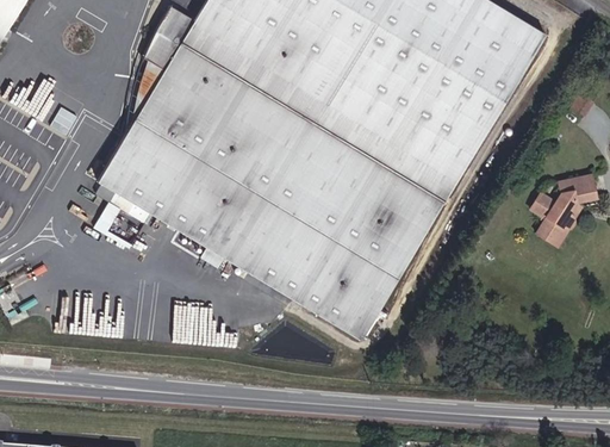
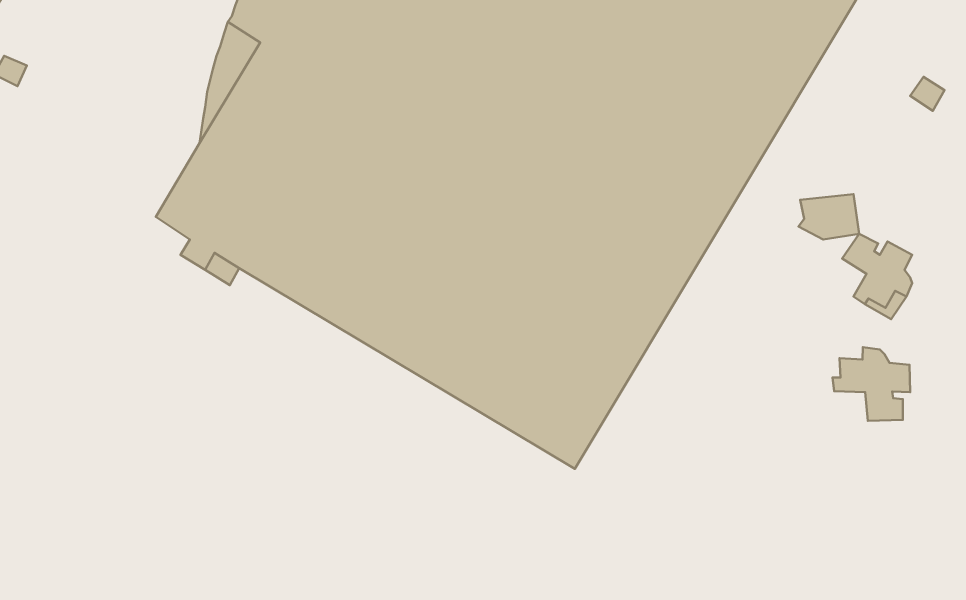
building: [559,176,597,205] -> [798,194,859,240]
building: none -> [832,347,910,421]

